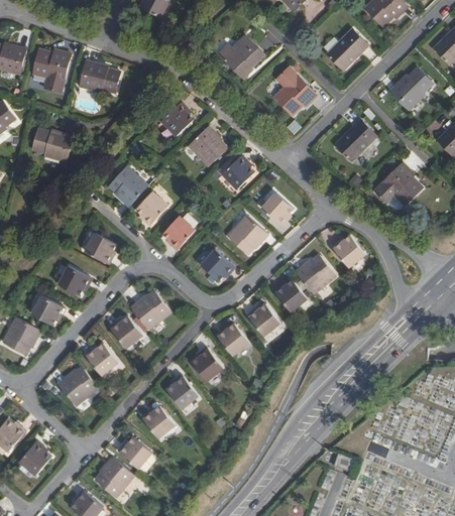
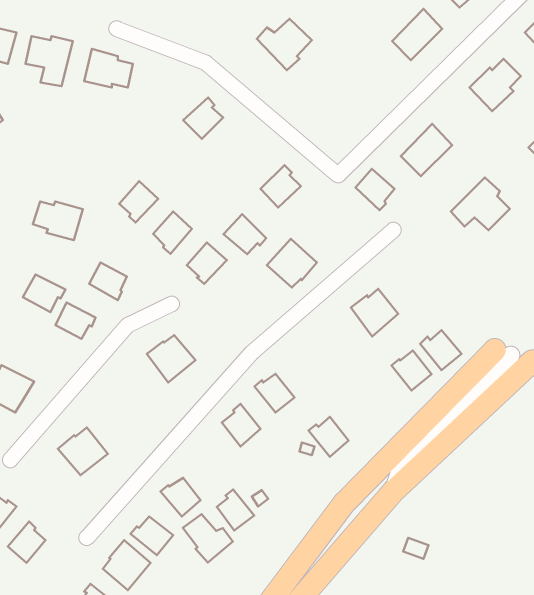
building: [274,69,317,117] -> none
building: [187,124,226,164] -> none
building: [33,131,74,162] -> [33,202,83,240]
building: [262,191,294,225] -> [356,169,394,210]
building: [331,235,364,267] -> [420,330,461,370]
building: [200,248,234,280] -> [224,214,266,254]
building: [274,278,307,310] -> [391,351,432,391]
building: [28,295,63,326] -> [23,275,65,312]
building: [247,303,279,336] -> [309,417,349,457]
building: [109,315,141,348] -> none
building: [84,344,116,375] -> none
building: [167,376,198,409] -> [217,489,254,531]
building: none -> [183,514,233,562]

